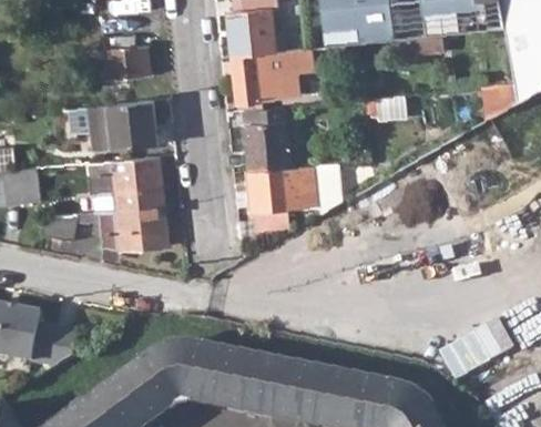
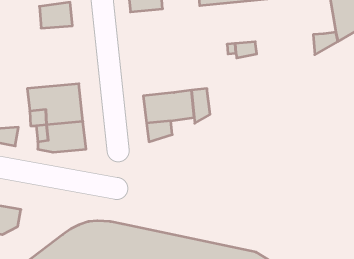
building: [229,49,312,101] -> none
building: [83,99,159,150] -> none
building: [241,106,289,172] -> none

